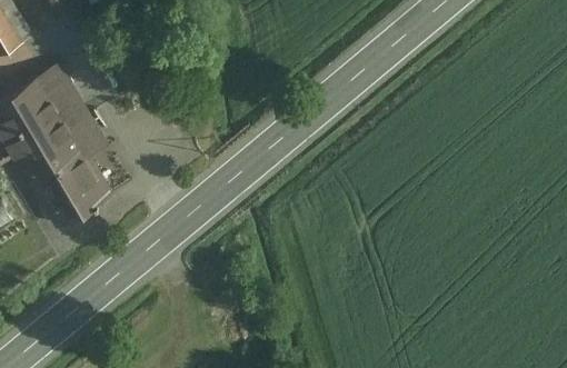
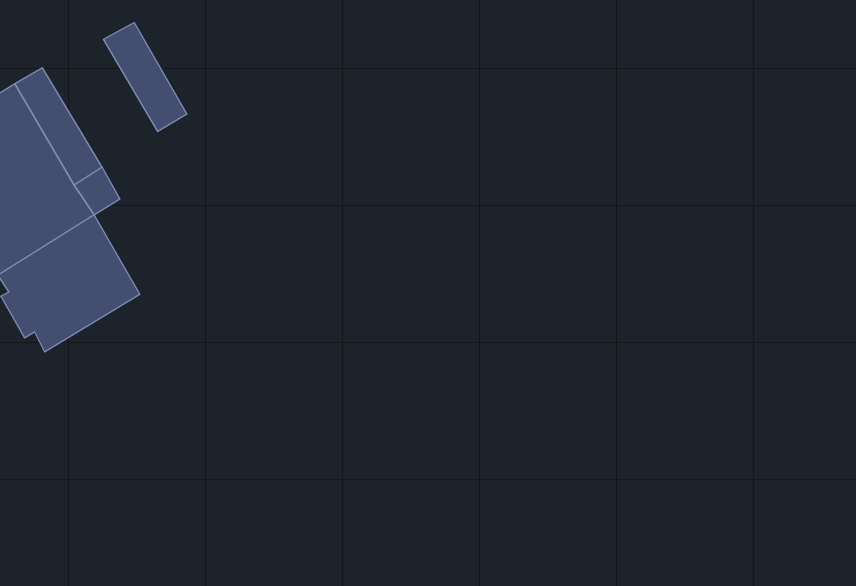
building: none -> [104,23,187,132]

